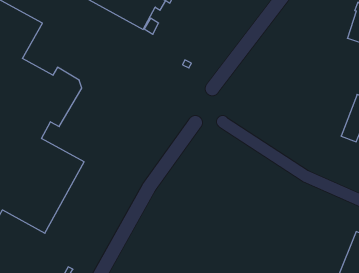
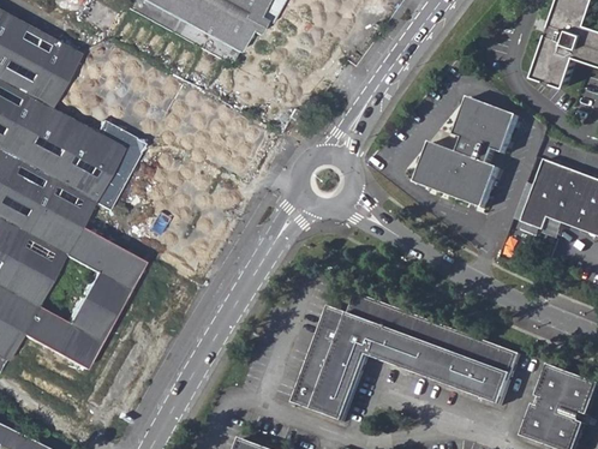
building: none -> [417,96,519,208]
building: none -> [288,288,518,418]

